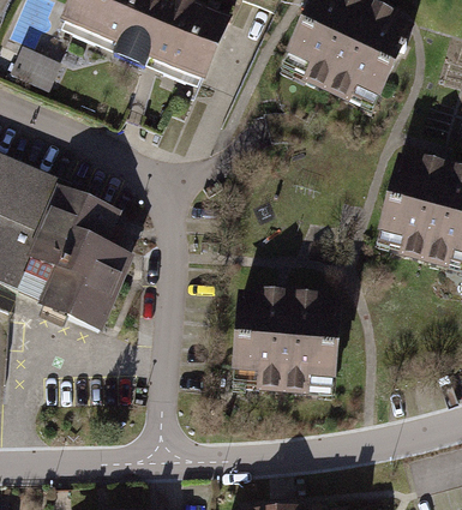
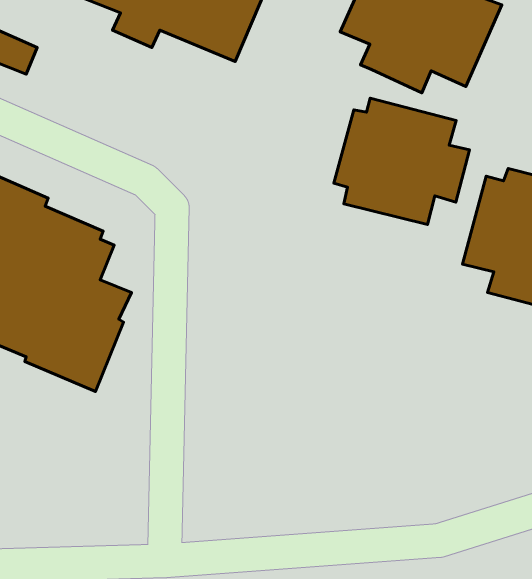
building: none -> [334,98,470,225]
building: [236,293,344,394] -> none

